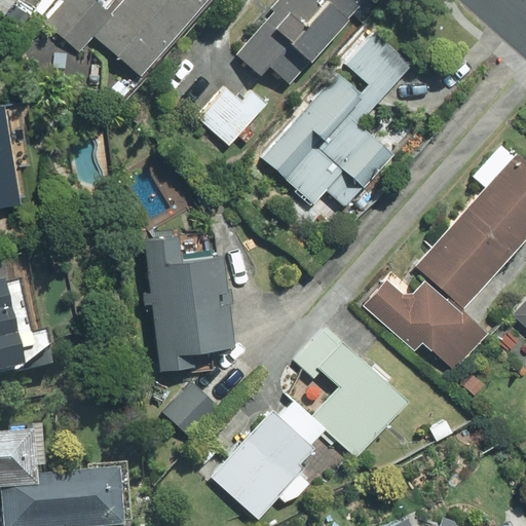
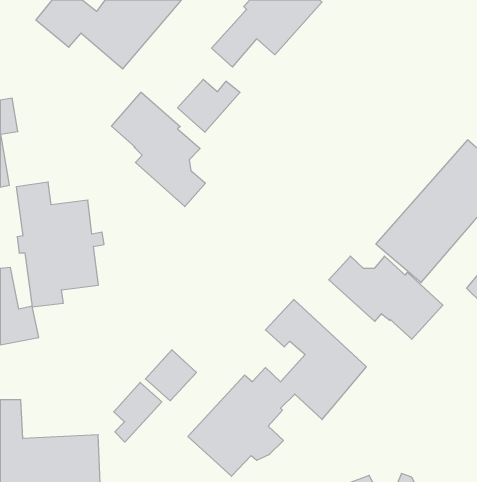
building: [262,32,411,208] -> none
building: none -> [111,92,205,207]
building: [140,233,235,369] -> [16,182,104,307]
building: none -> [114,382,162,442]

